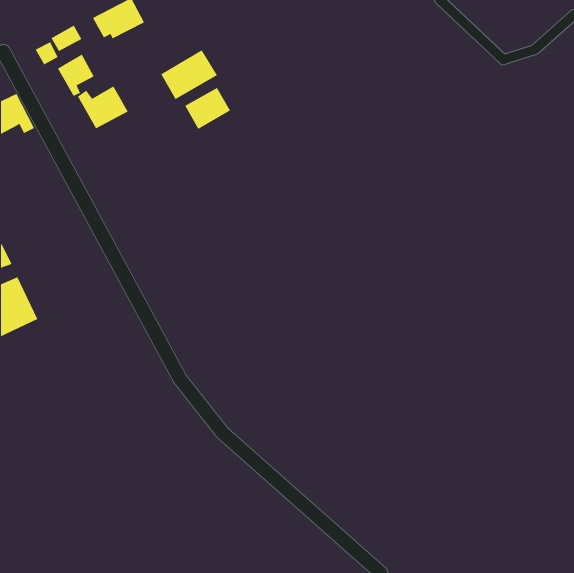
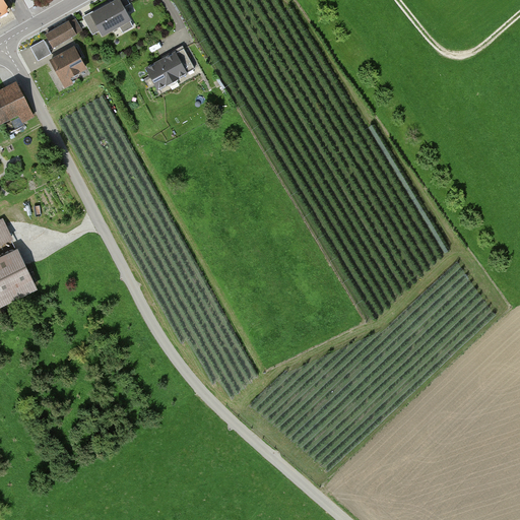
building: [77,85,128,129] -> none
building: [185,87,231,130] -> none

